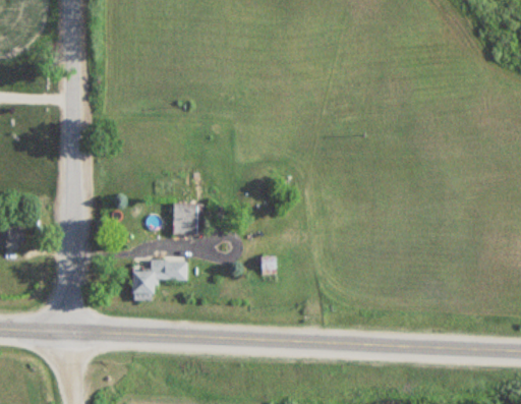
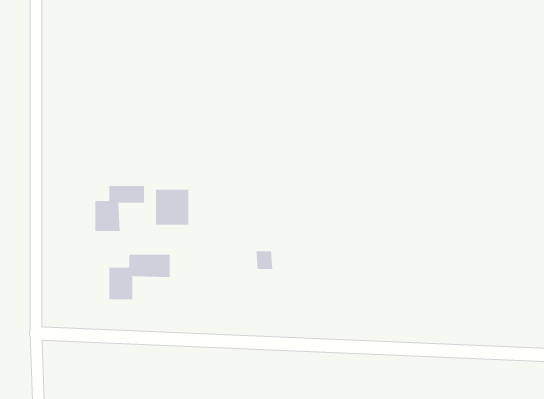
building: none -> [95,185,144,232]

